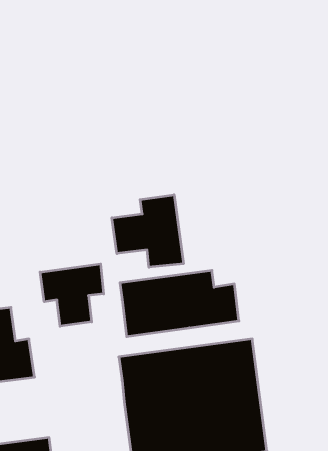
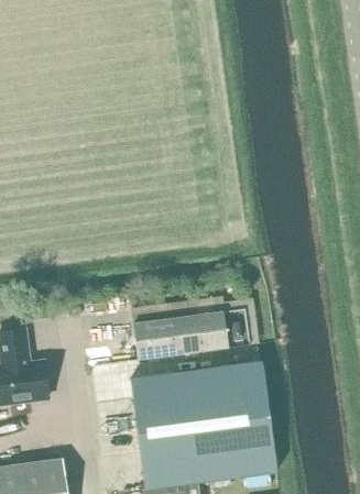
building: [112,195,183,267] -> none
building: [40,264,104,326] -> none

